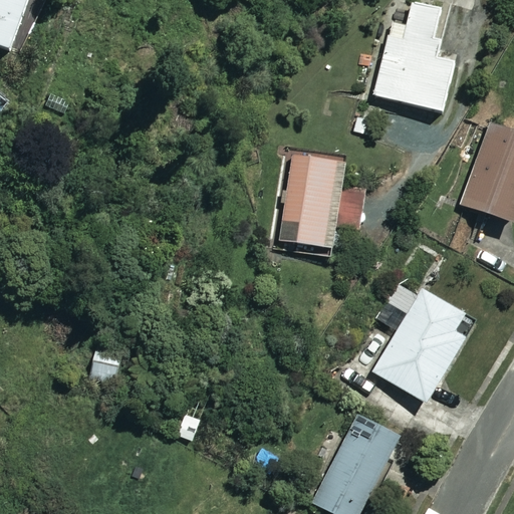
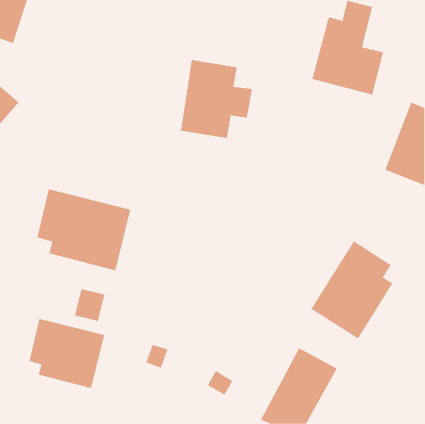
building: [278,156,364,250] -> [180,59,253,139]
building: none -> [37,189,131,271]
building: none -> [29,318,105,389]

